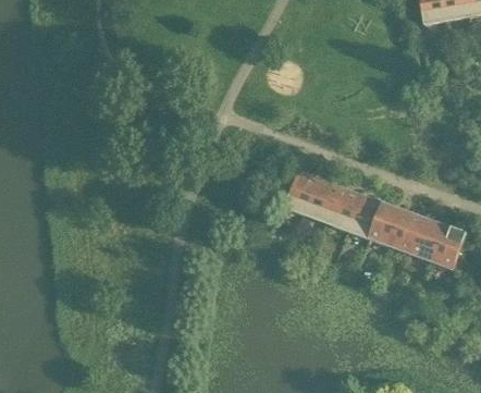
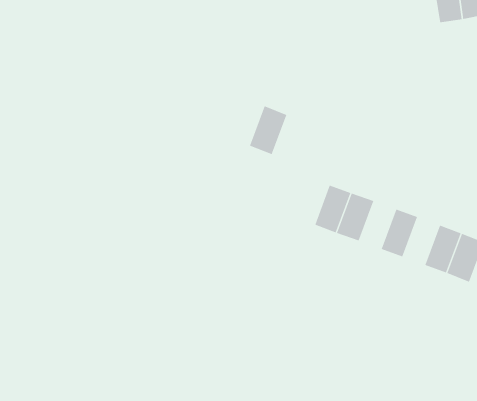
building: [284,169,320,216] -> [249,106,287,155]
building: [348,193,383,238] -> none
building: [390,208,424,254] -> none

